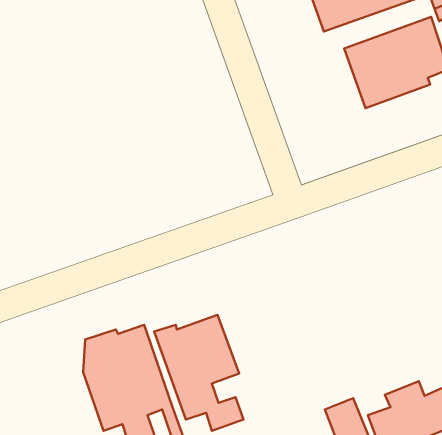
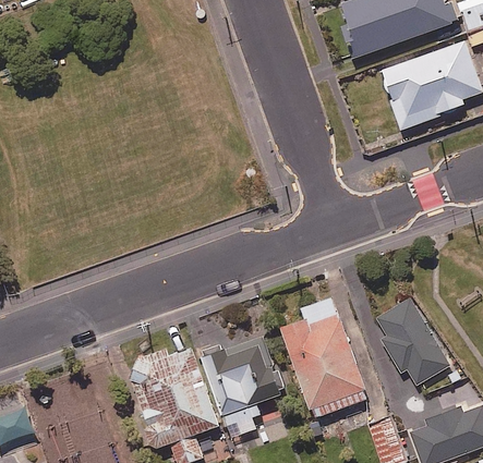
building: none -> [278,292,366,413]
building: none -> [377,300,449,386]

